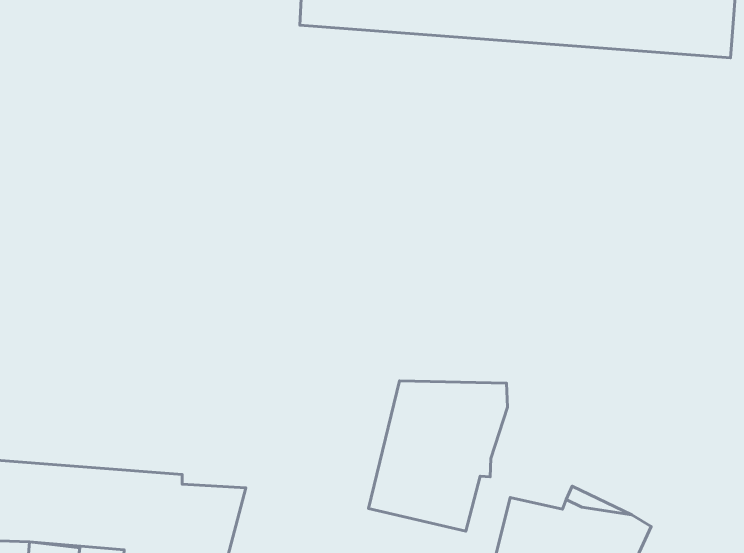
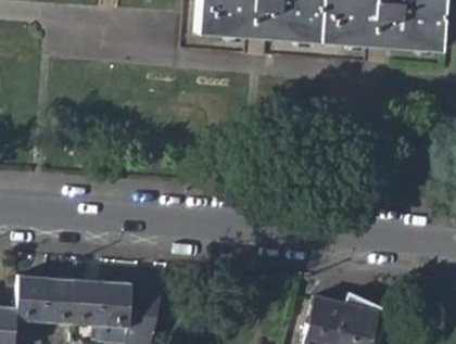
building: [368,381,507,531] -> none

